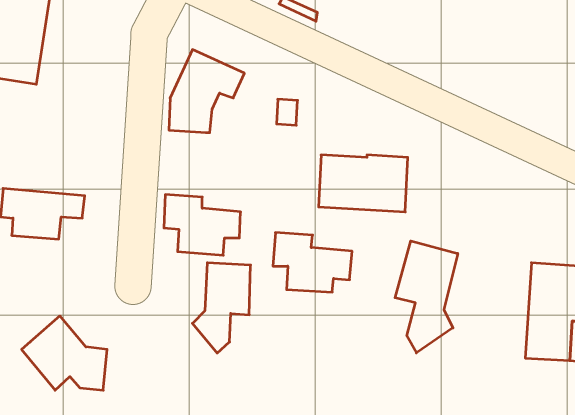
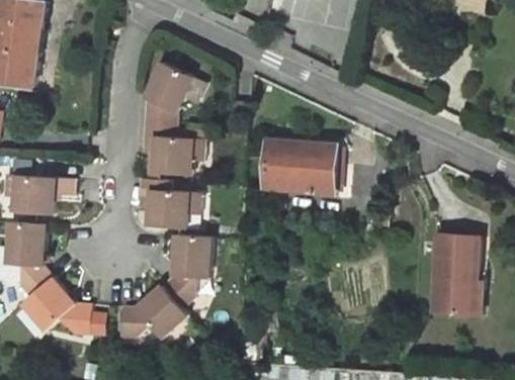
building: [273,233,352,292] -> [140,125,204,174]
building: [395,241,458,353] -> none
building: none -> [9,223,53,298]
building: none -> [118,283,186,341]

